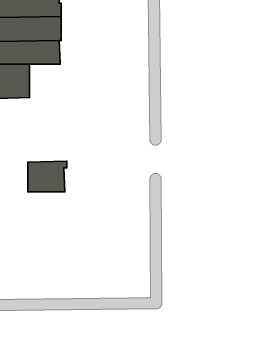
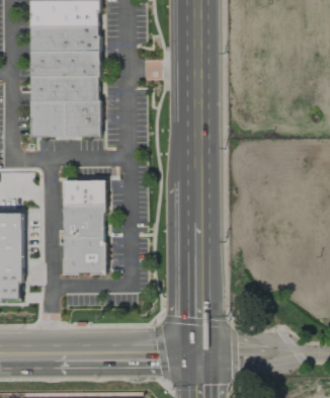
building: none -> [66,99,100,136]
building: none -> [63,179,105,205]
building: none -> [64,236,106,273]

